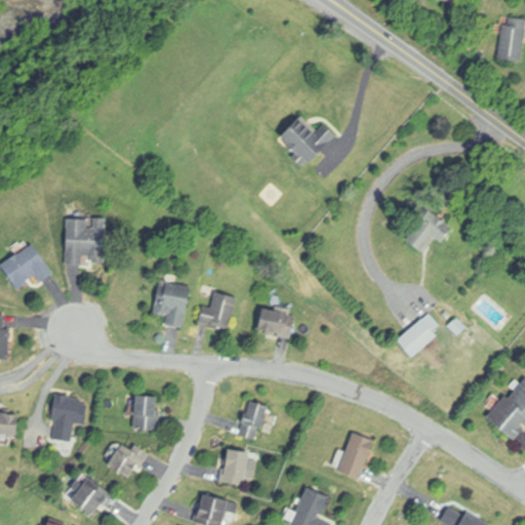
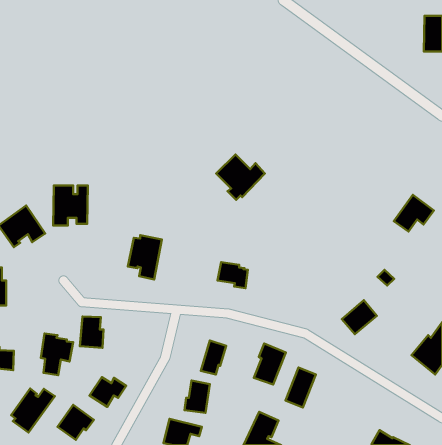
building: [276,114,333,167] -> [216,154,265,200]
building: [404,209,451,252] -> [394,195,434,232]
building: [197,292,236,330] -> none
building: [395,318,436,358] -> [342,300,377,334]
building: [130,395,158,432] -> [80,316,103,348]
building: none -> [254,343,286,385]
building: none -> [11,389,55,433]

